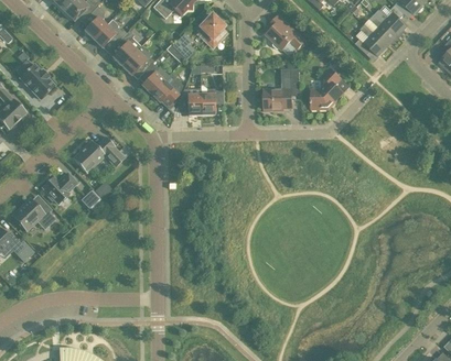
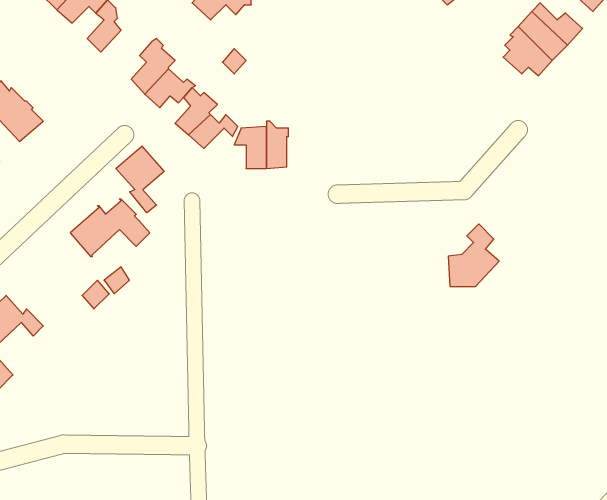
building: [196,13,225,48] -> none
building: [266,15,304,50] -> none
building: [93,19,126,48] -> none
building: [264,67,299,111] -> none
building: [311,68,344,109] -> [448,224,499,286]
building: none -> [116,146,164,213]
building: [42,172,77,203] -> none

